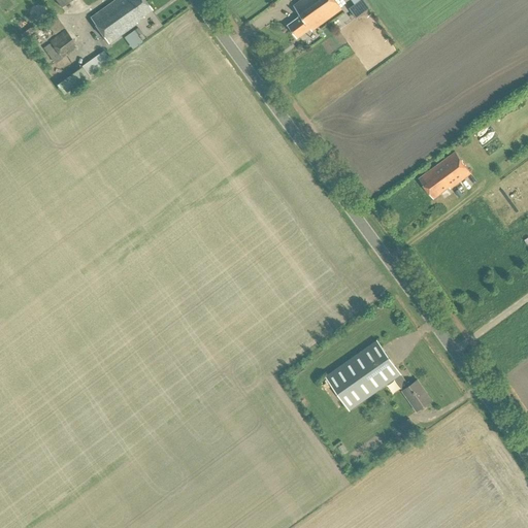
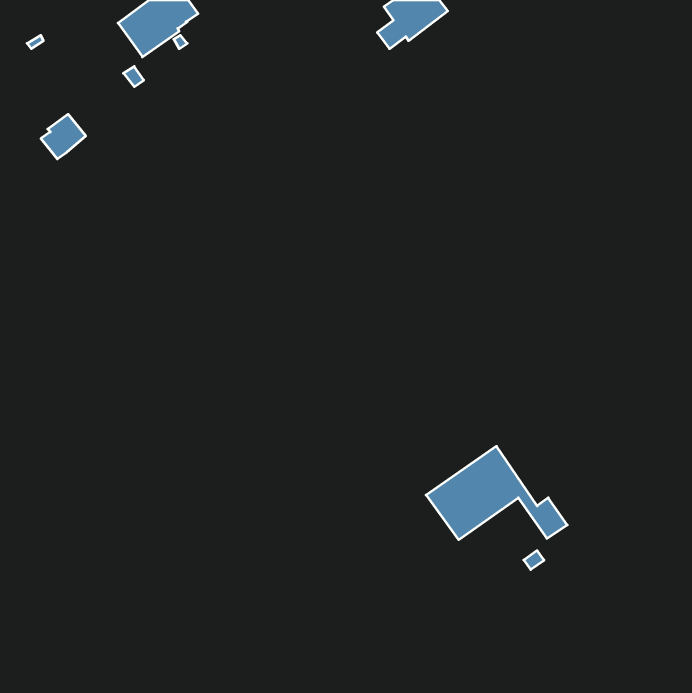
building: [42,30,76,64] -> [41,114,86,159]
building: [418,151,470,198] -> none

